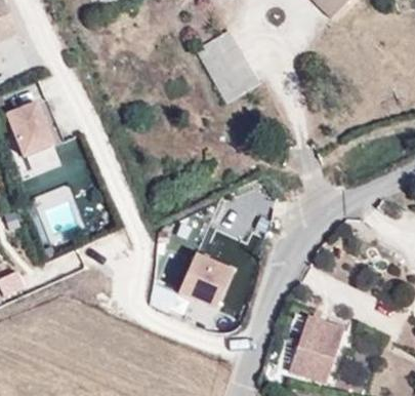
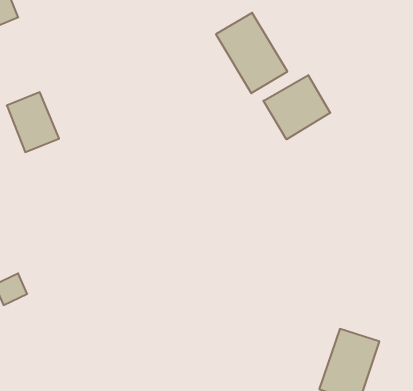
building: none -> [263,75,330,139]
building: [180,253,234,307] -> none

